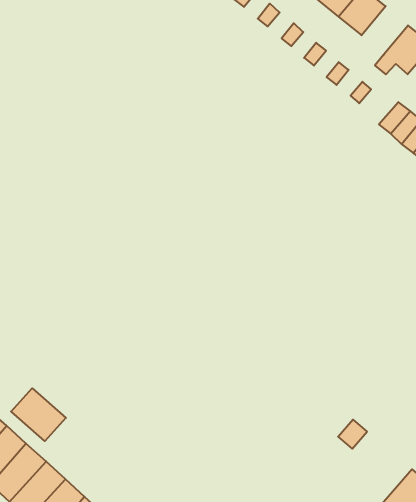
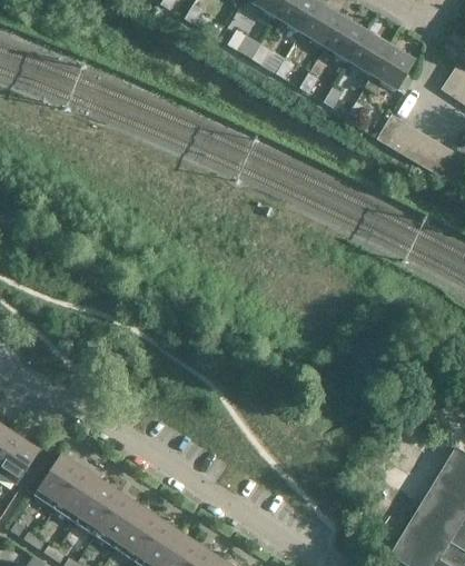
building: none -> [347,30,388,75]
building: [11,388,66,441] -> none

